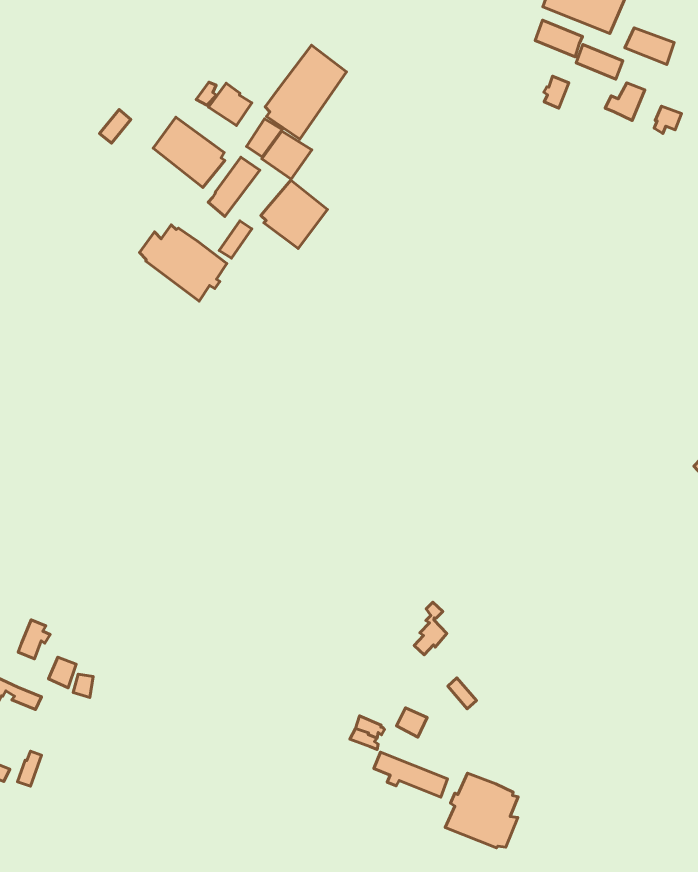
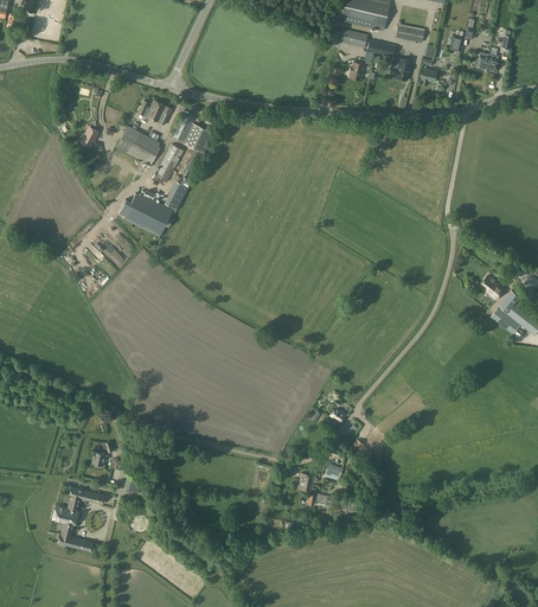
building: [265,45,346,139] -> none
building: [261,180,328,248] -> none
building: [445,773,518,848] -> none

